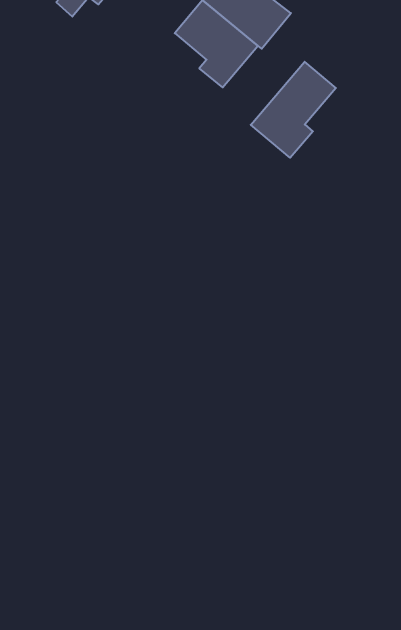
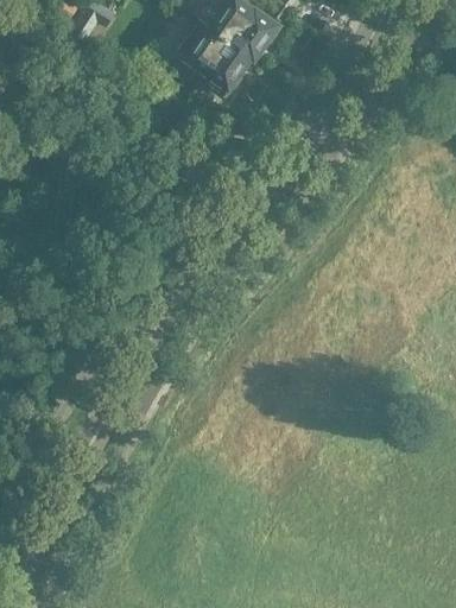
building: [251,62,336,158] -> none

